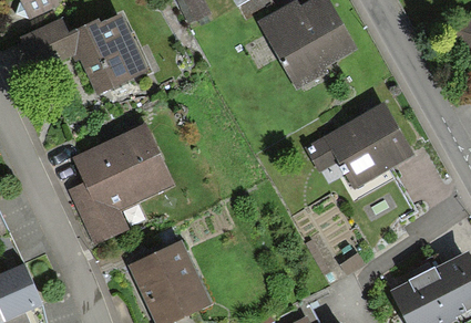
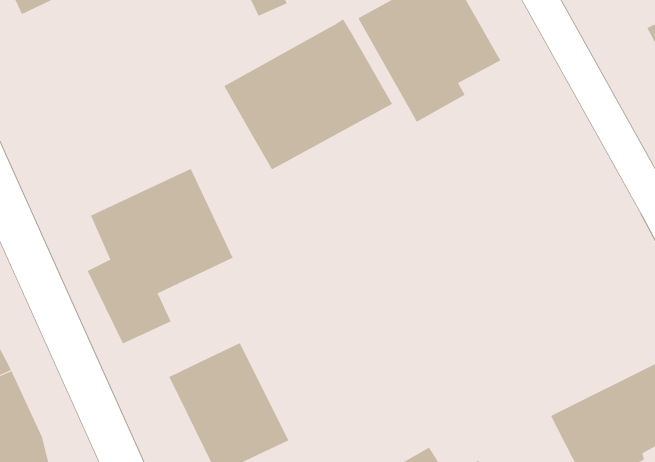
building: [19,15,147,95] -> none
building: none -> [224,19,393,170]
building: [311,102,412,194] -> none

